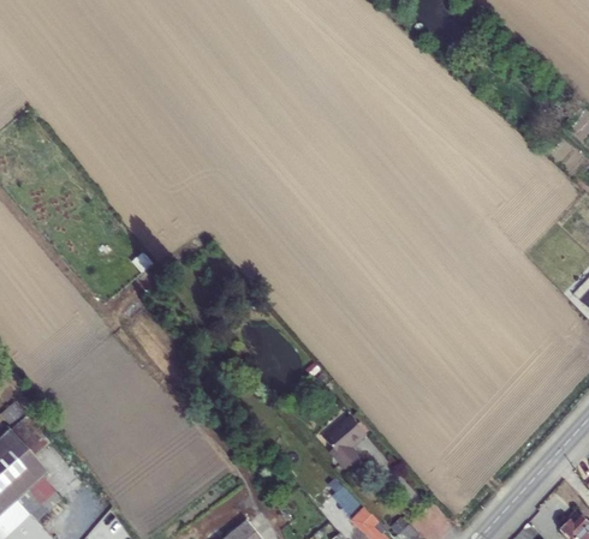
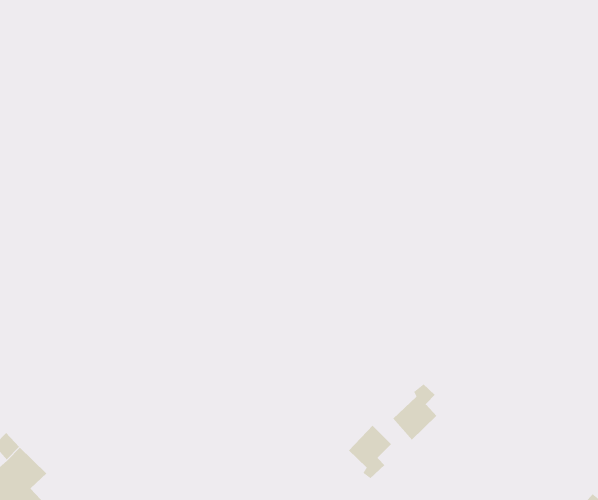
building: none -> [393,384,437,441]

